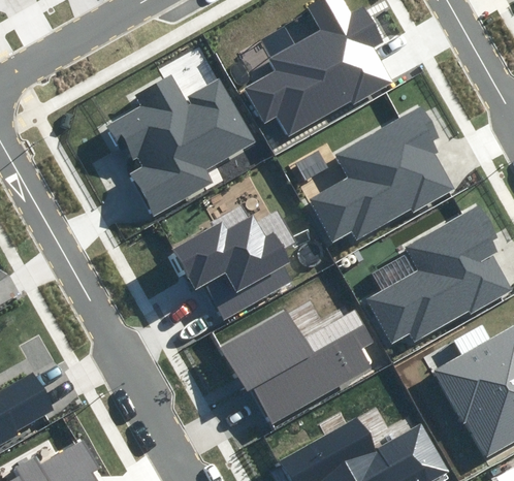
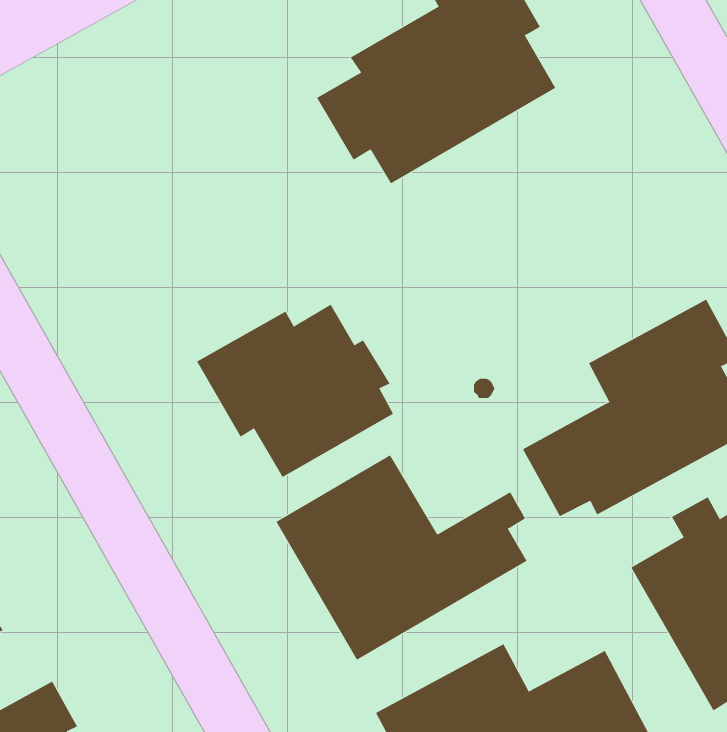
building: [104,75,255,213] -> none
building: [309,106,453,242] -> none

